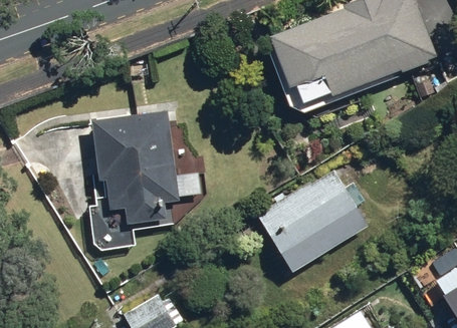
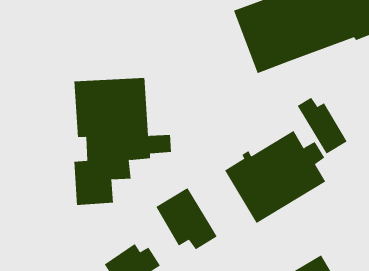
building: none -> [297,97,348,155]
building: none -> [155,187,218,250]

